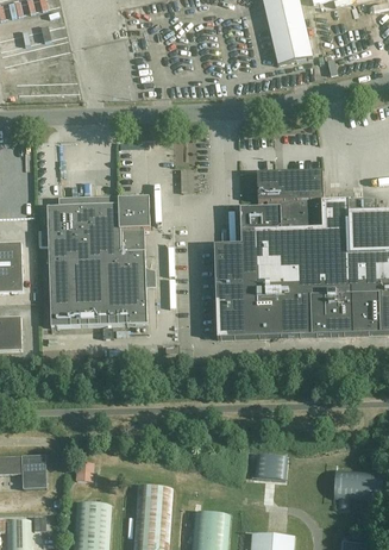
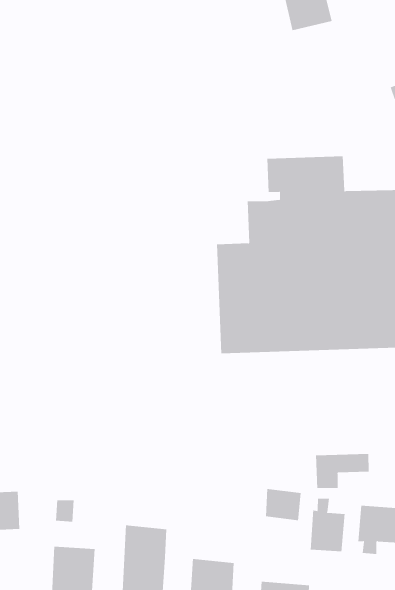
building: [48,195,156,327] -> none
building: none -> [316,453,369,489]
building: none -> [310,498,345,552]

